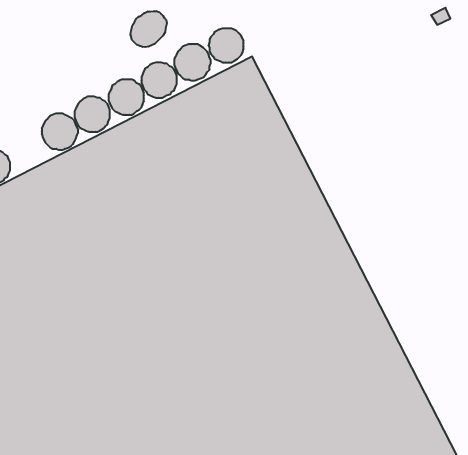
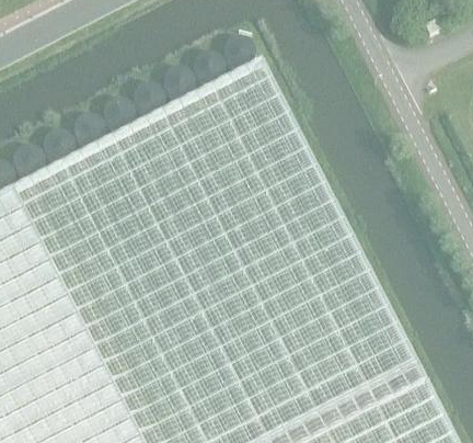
building: [131,11,167,47] -> none
building: none -> [43,134,74,167]

